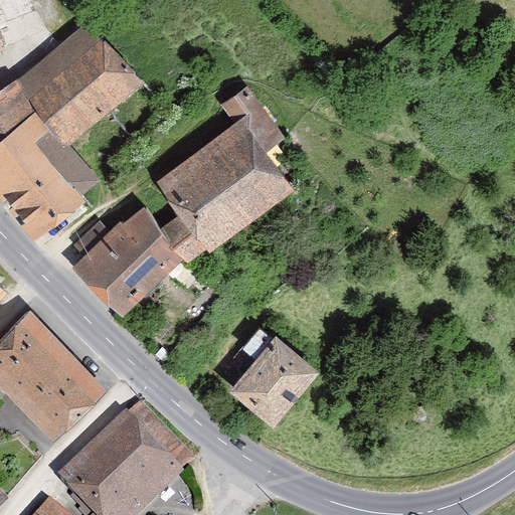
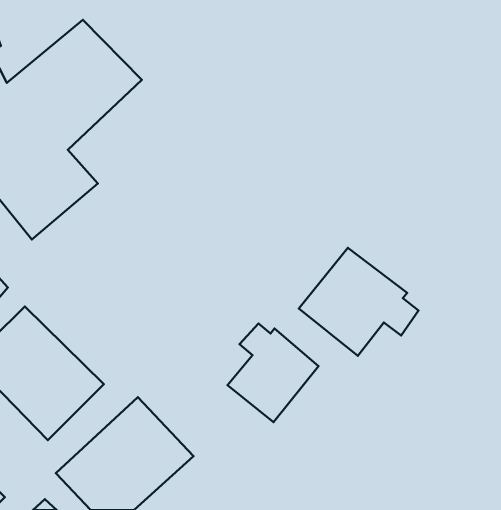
building: [70,83,294,317] -> none
building: none -> [299,248,419,356]

